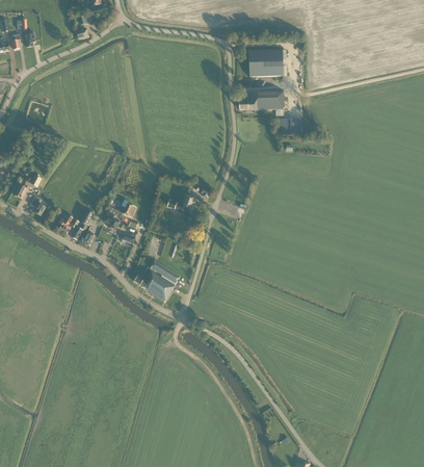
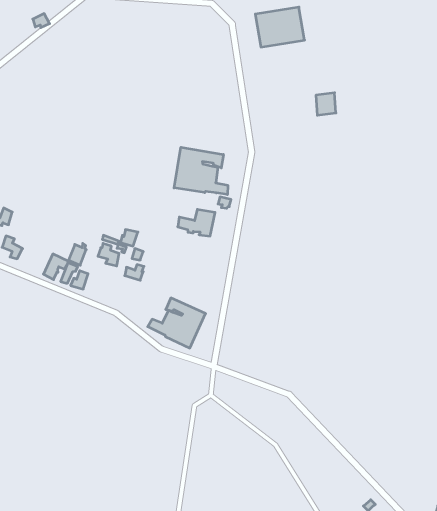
building: [238,89,283,109] -> none
building: none -> [174,147,228,195]

